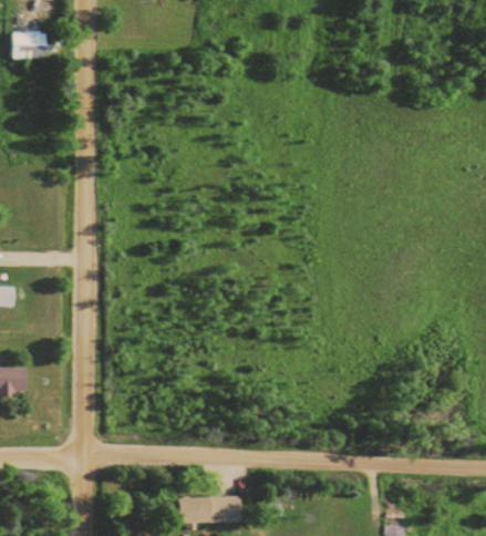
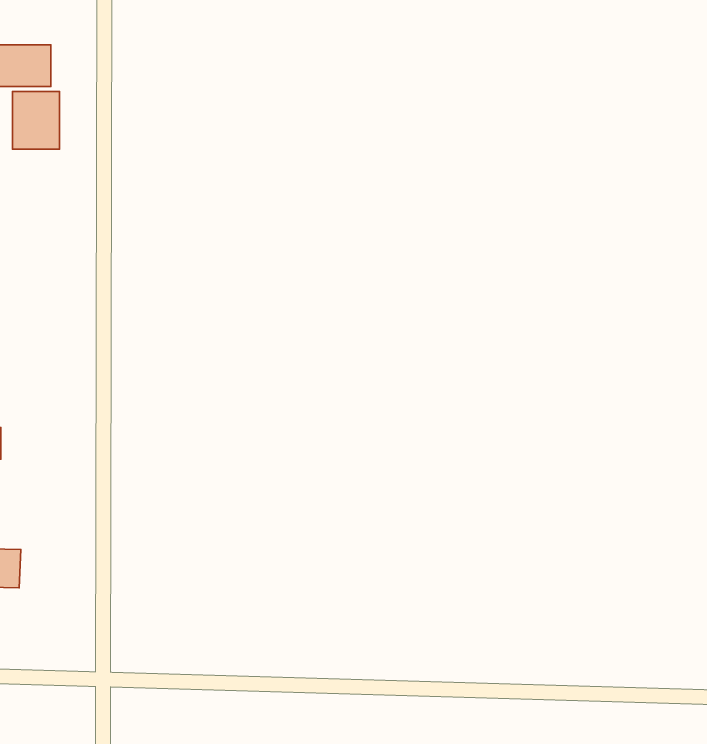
building: none -> [12,92,59,149]

